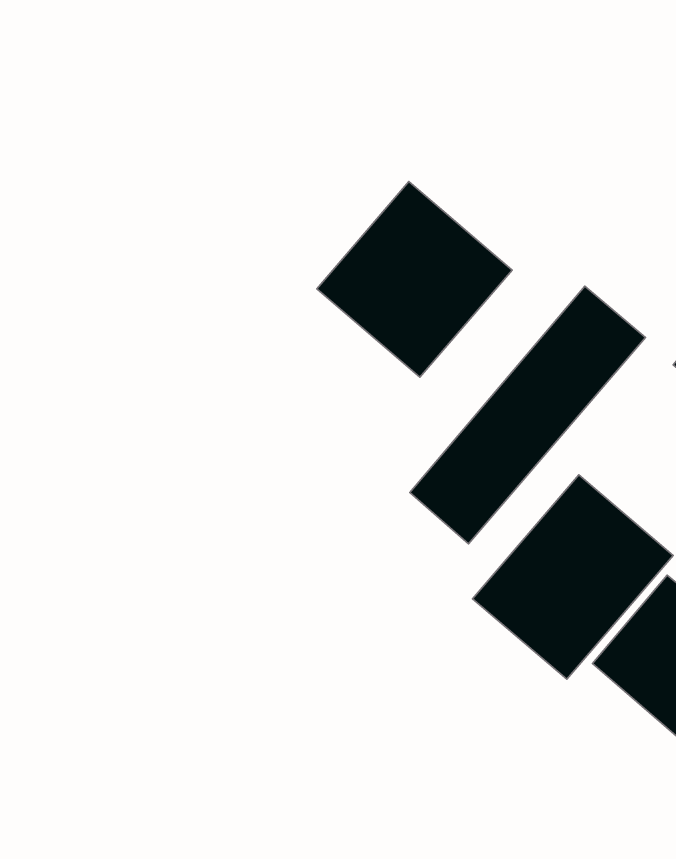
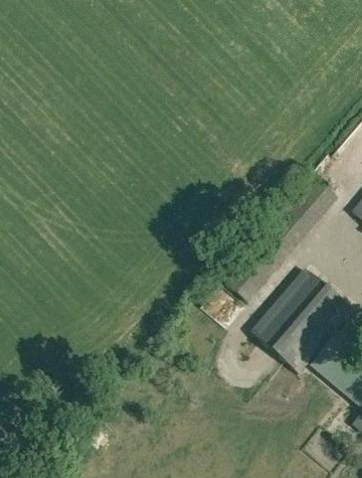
building: [317,182,512,377] -> none

